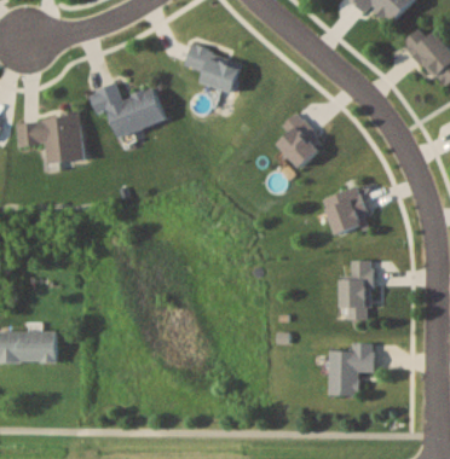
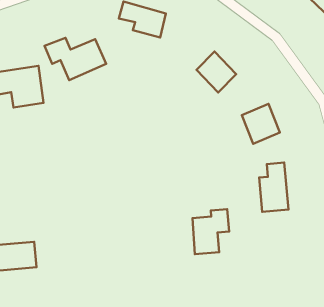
building: [328,342,373,394] -> [193,209,229,254]

